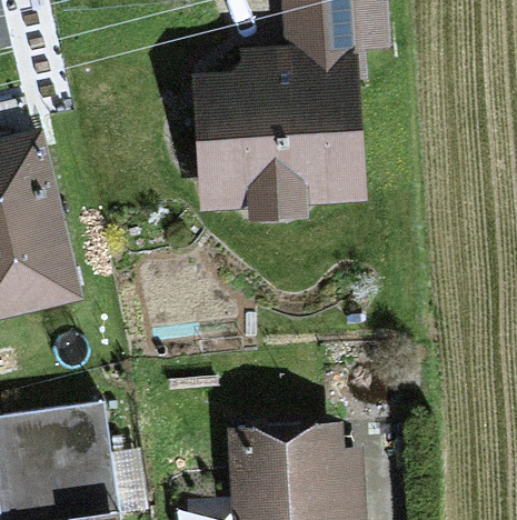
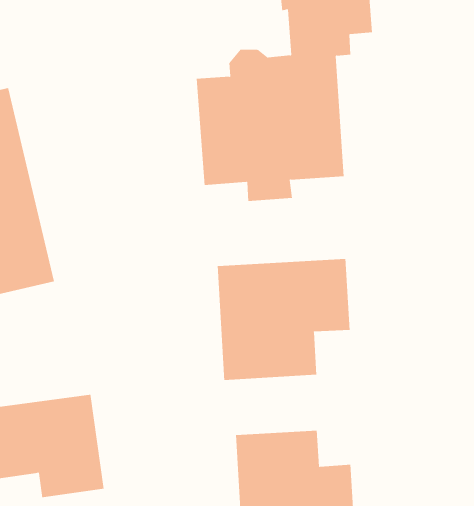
building: none -> [217,258,350,381]

